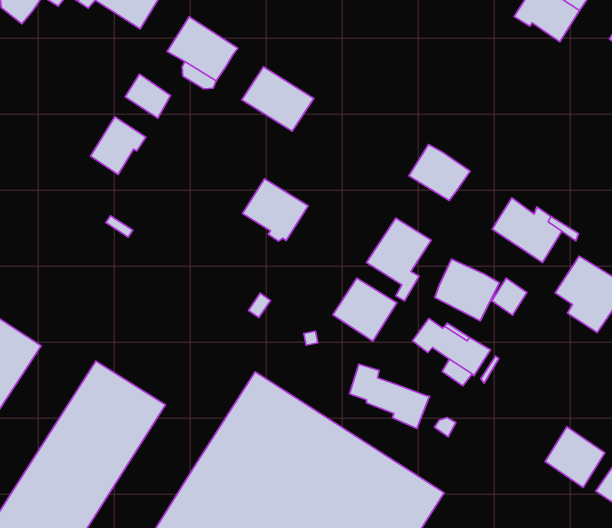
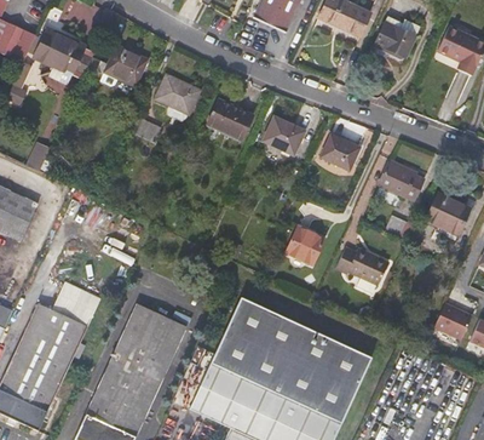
building: [90,117,146,175] -> none
building: [243,179,308,241] -> [263,116,304,155]
building: [367,218,431,301] -> none
building: [435,259,500,321] -> none
building: [349,364,429,429] -> none

